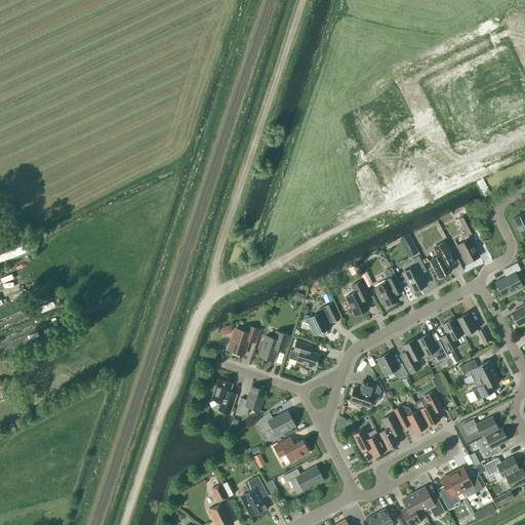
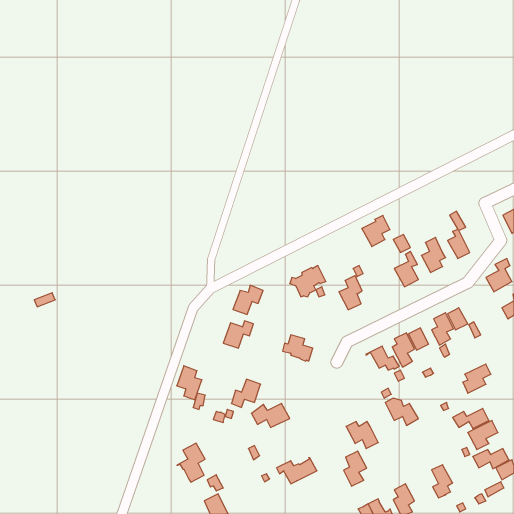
building: [374,275,403,307] -> [362,215,390,247]
building: [302,304,339,335] -> [290,266,326,297]
building: [258,331,289,361] -> [233,285,263,314]
building: [459,360,495,381] -> none
building: [211,379,237,414] -> [177,366,202,400]
building: [350,380,380,407] -> none
building: [419,391,442,427] -> none
building: [378,414,402,450] -> [344,451,367,486]
building: [274,438,309,462] -> none
building: [451,468,482,498] -> none
building: [238,476,267,516] -> [177,443,205,482]
building: [413,488,445,518] -> none

